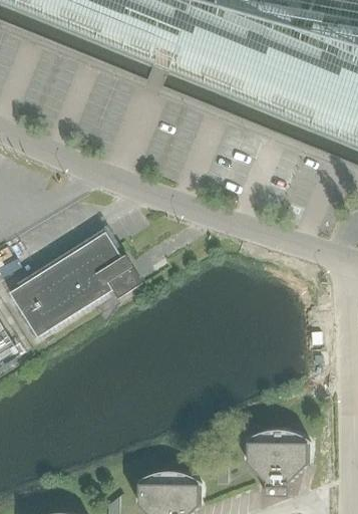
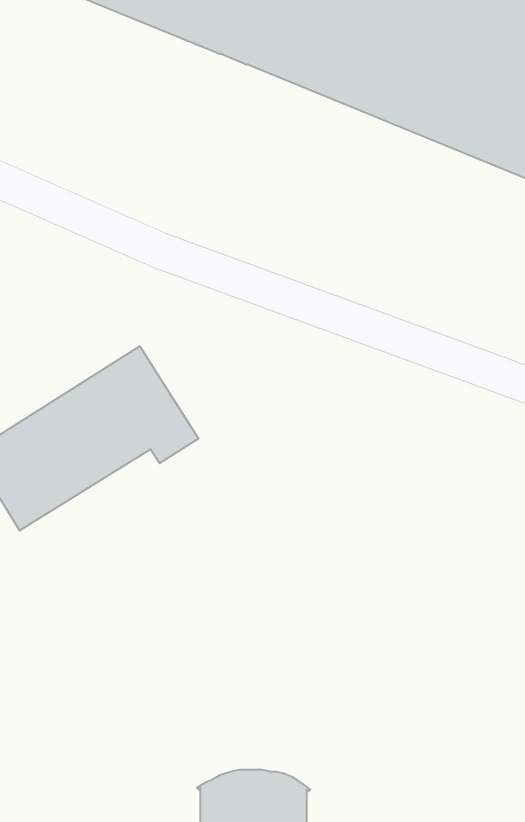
building: [247,429,310,496] -> none

